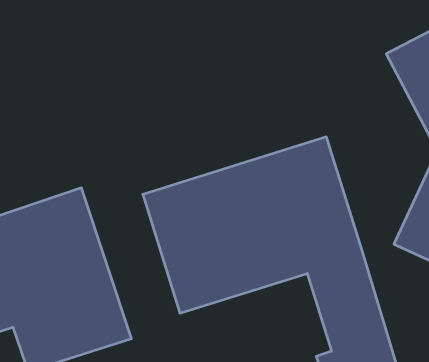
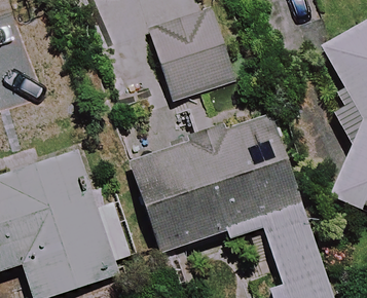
building: none -> [150,11,233,100]

